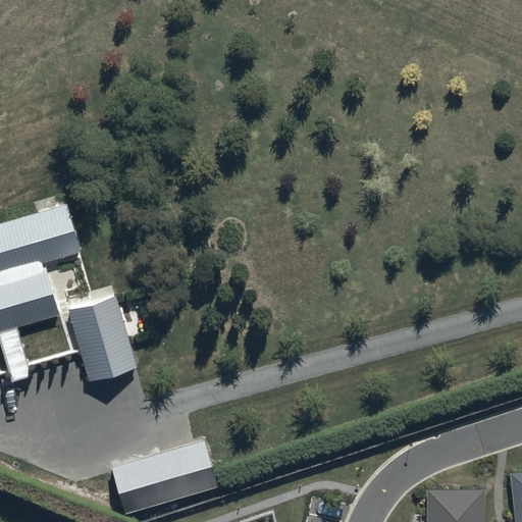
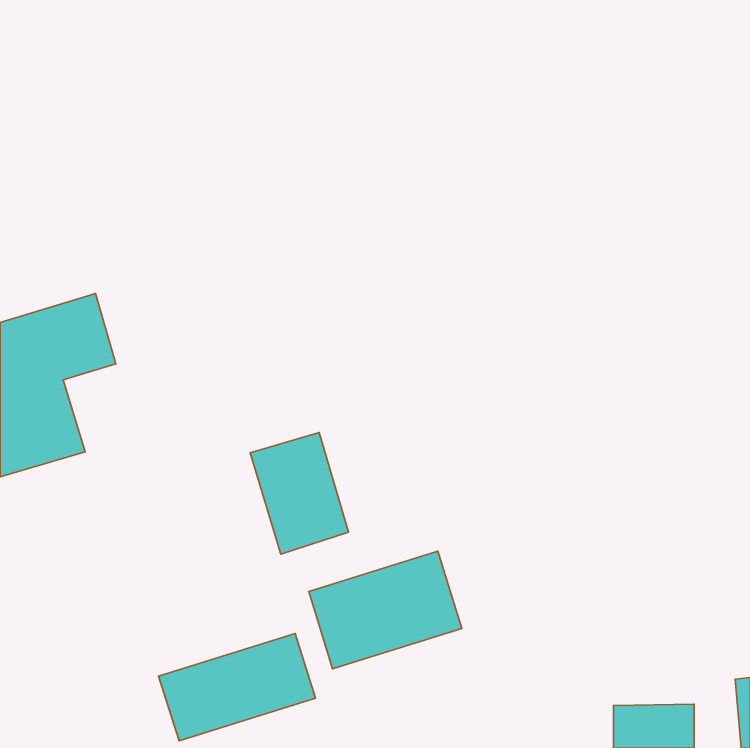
building: [68,298,137,382] -> [250,432,348,554]
building: none -> [309,551,462,669]

